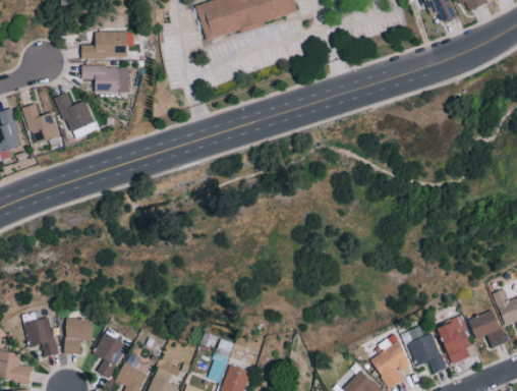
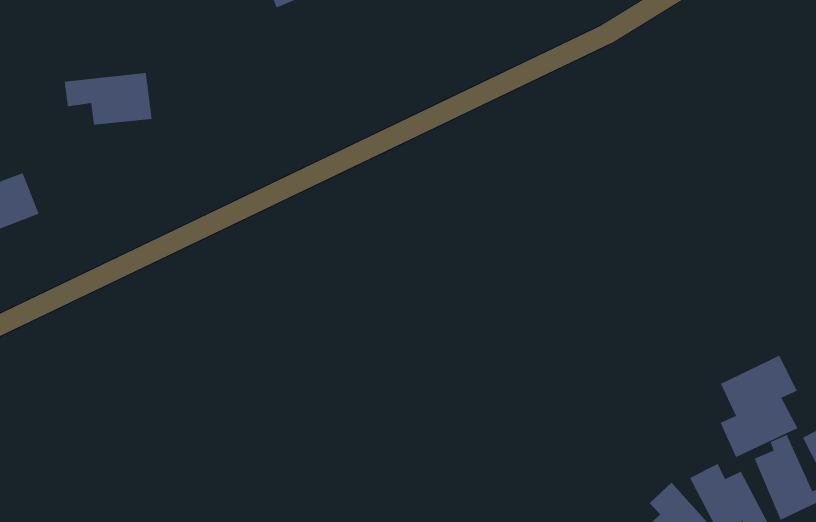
building: [82,31,128,58] -> none
building: [57,93,95,139] -> none
building: none -> [720,355,798,458]

